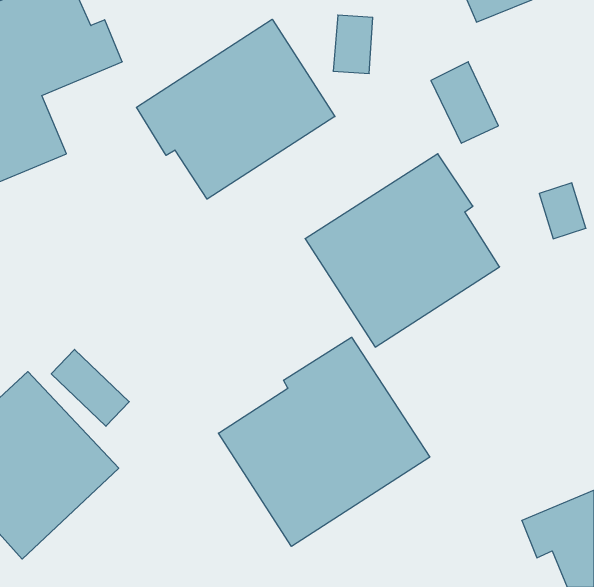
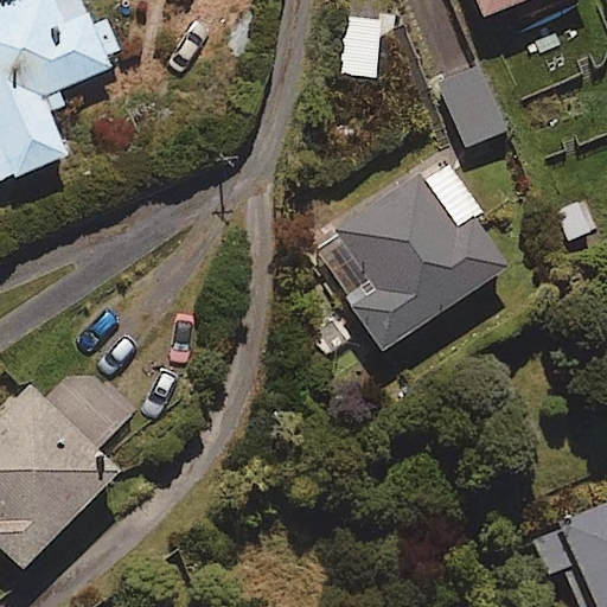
building: [136,19,335,199] -> none
building: [218,337,430,546] -> none

